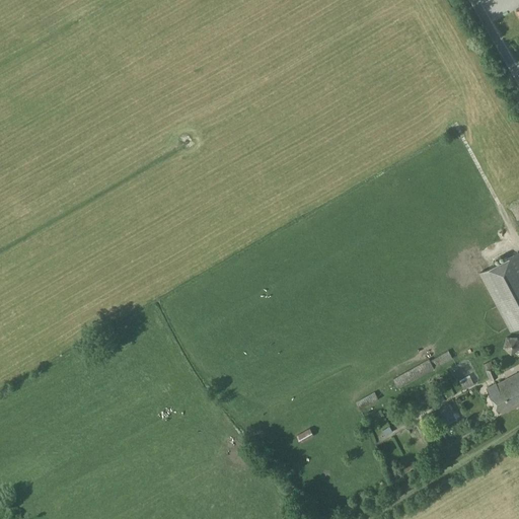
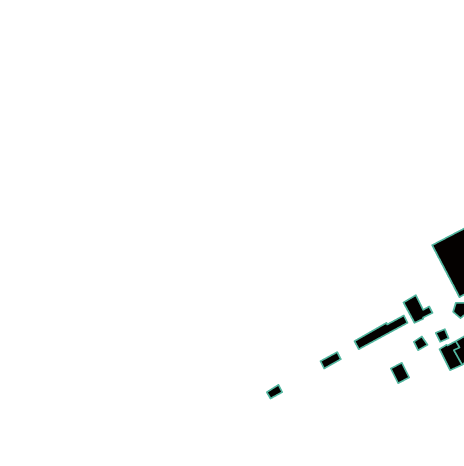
building: none -> [404,295,432,323]

